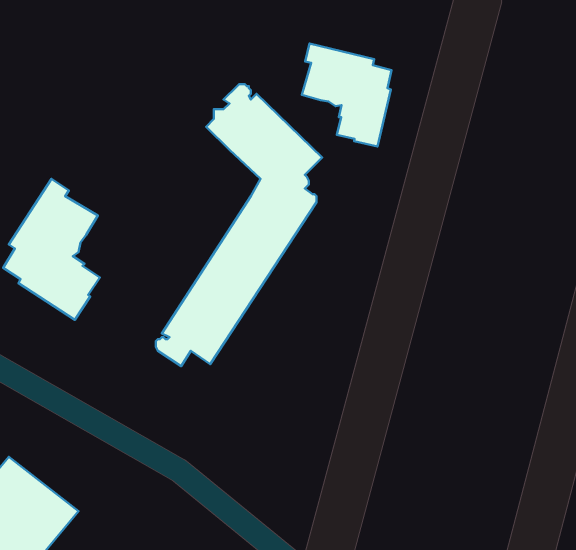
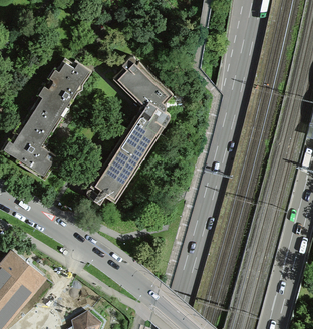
building: [302,44,391,147] -> none
building: none -> [32,57,93,125]

